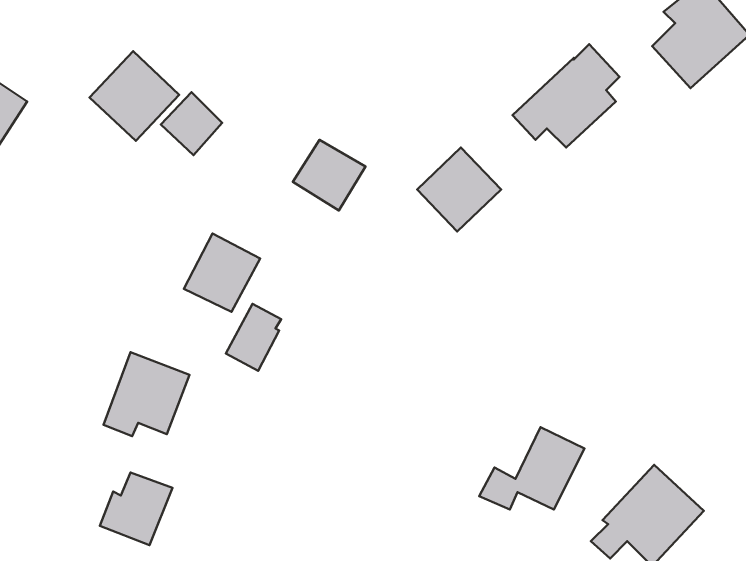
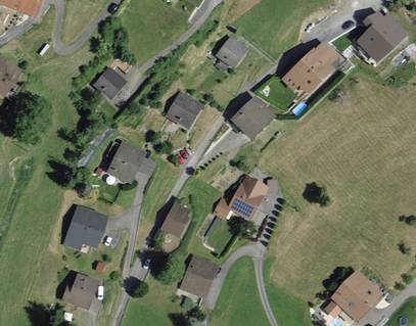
building: none -> [216,36,248,68]
building: [89,51,179,141] -> none
building: [226,304,281,371] -> [160,200,190,236]
building: [479,427,584,510] -> [212,174,268,218]
building: none -> [179,252,219,296]

